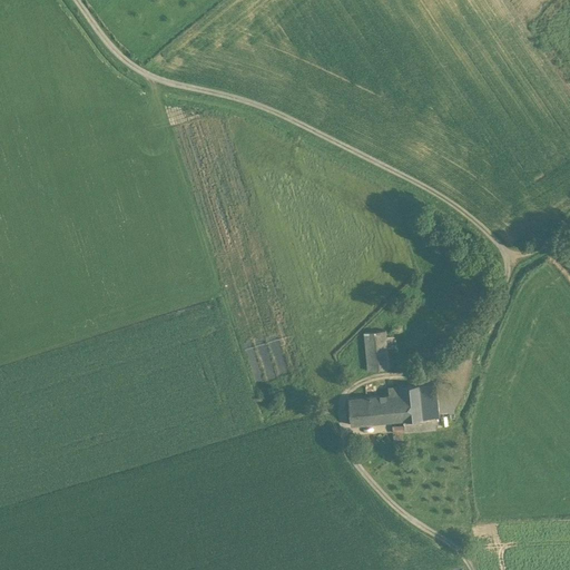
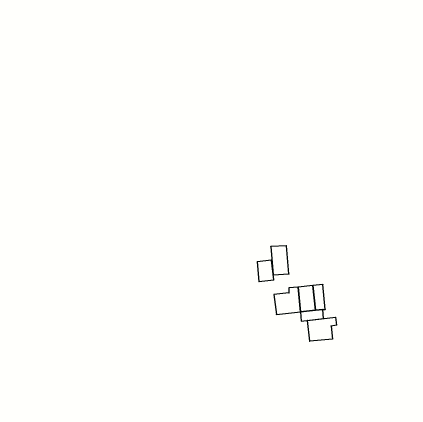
building: [350,397,372,426] -> [257,260,274,282]
building: none -> [307,317,337,341]

